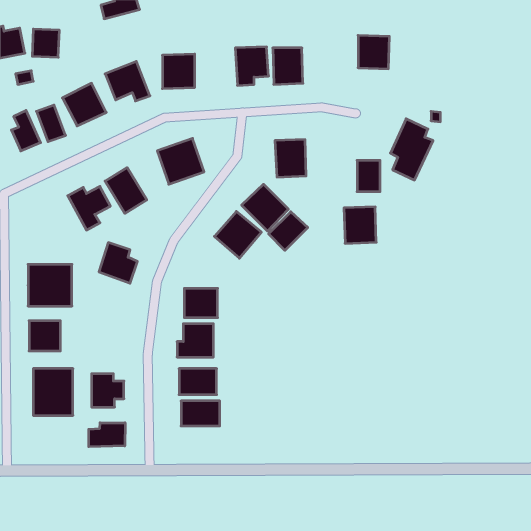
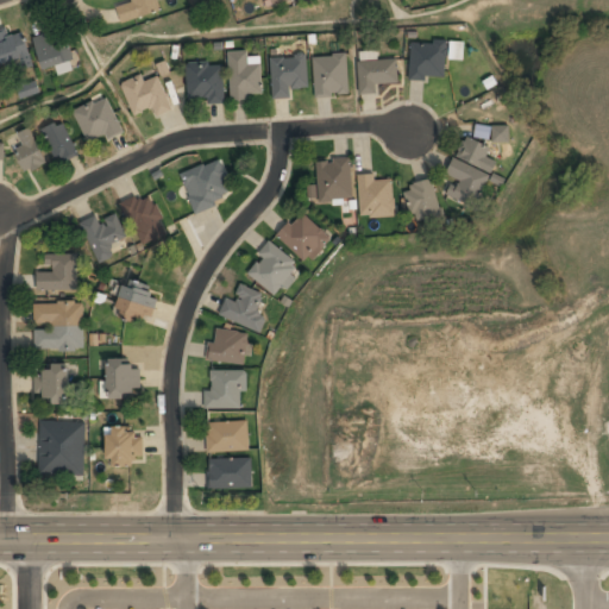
building: none -> [227,51,260,98]
building: none -> [358,59,396,94]
building: [344,207,376,243] -> [357,176,394,218]
building: [269,212,308,250] -> none
building: none -> [36,253,75,289]
building: none -> [218,283,266,332]
building: none -> [105,362,139,396]
building: [89,423,125,447] -> none

